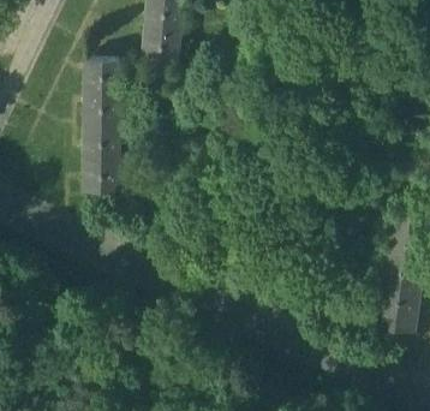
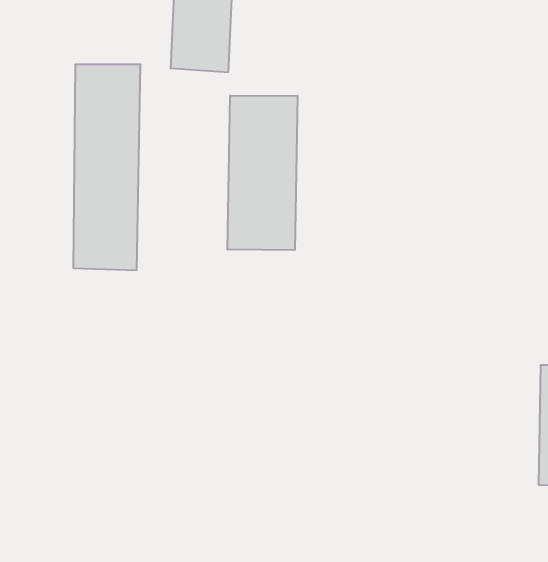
building: none -> [227,95,298,250]

